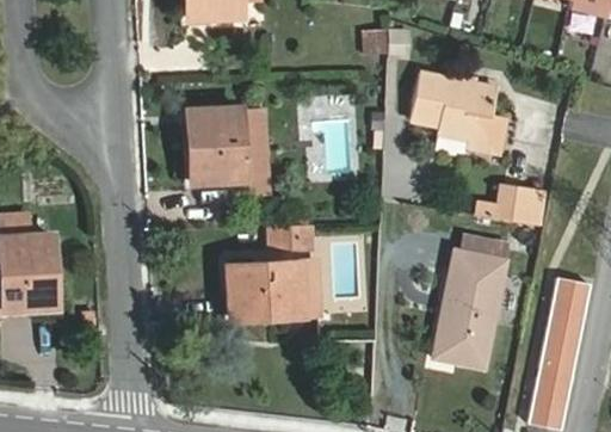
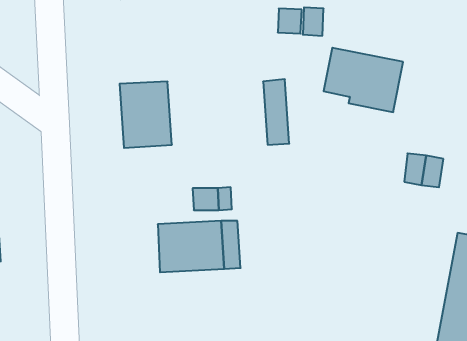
building: [240,106,269,178] -> [263,79,289,145]
building: [436,235,506,366] -> none

